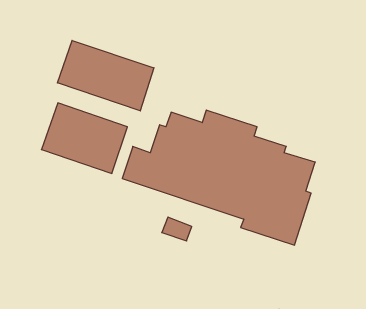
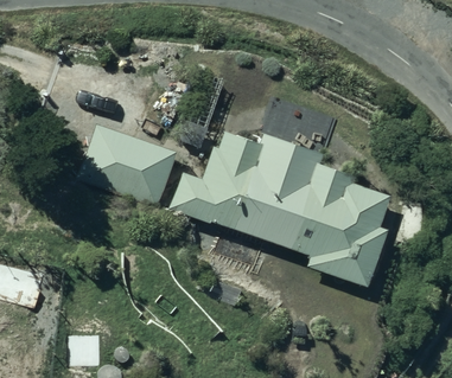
building: [57,40,154,111] -> none

